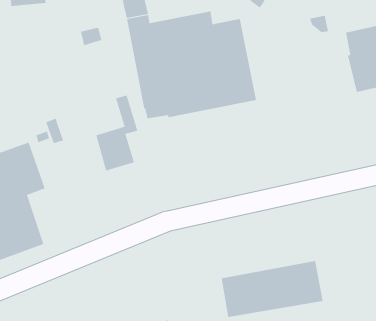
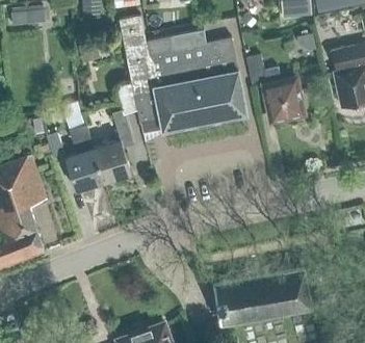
building: none -> [245,55,303,122]
building: none -> [64,126,102,191]

